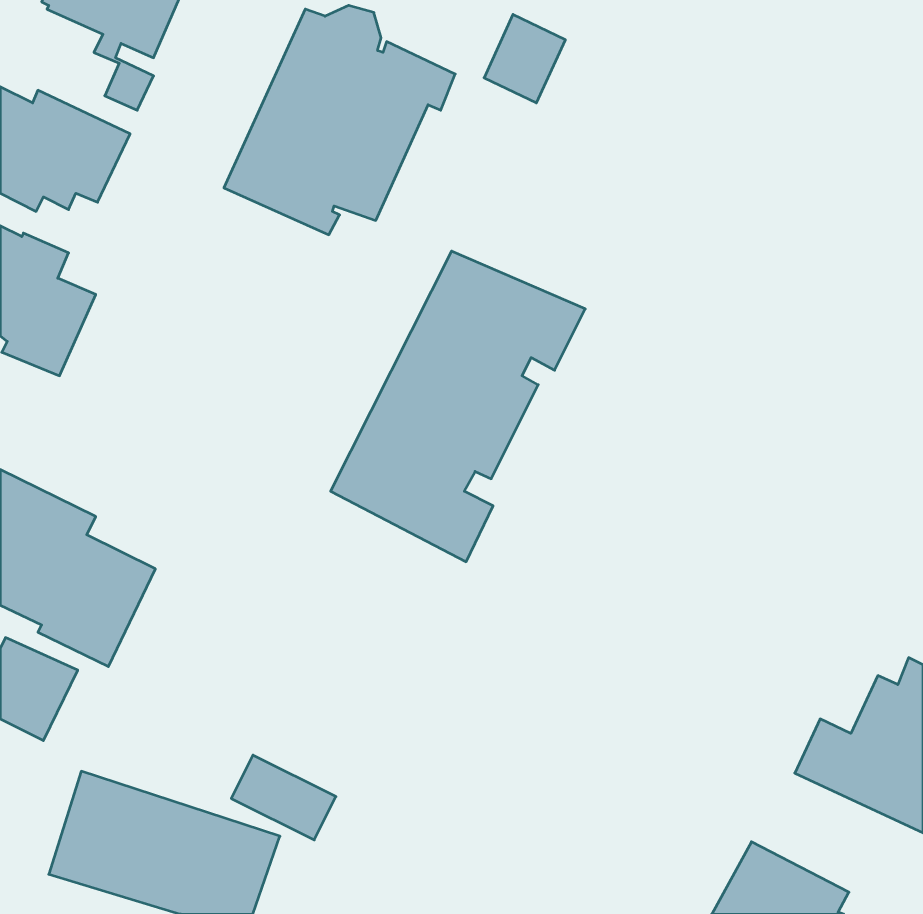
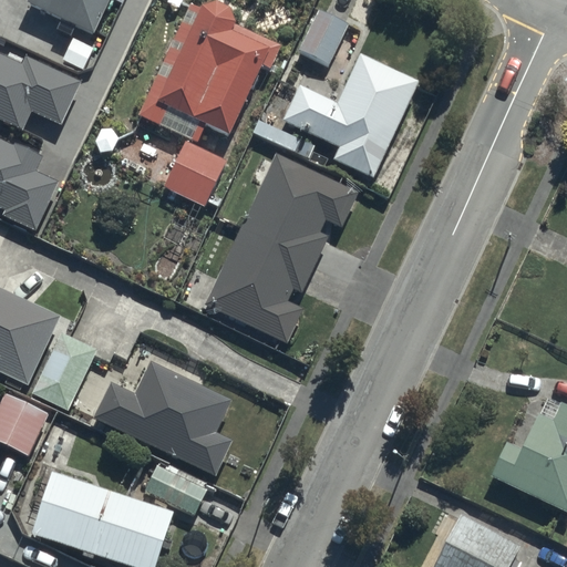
building: none -> [280,52,419,181]
building: none -> [162,142,225,207]
building: none -> [85,369,221,463]

